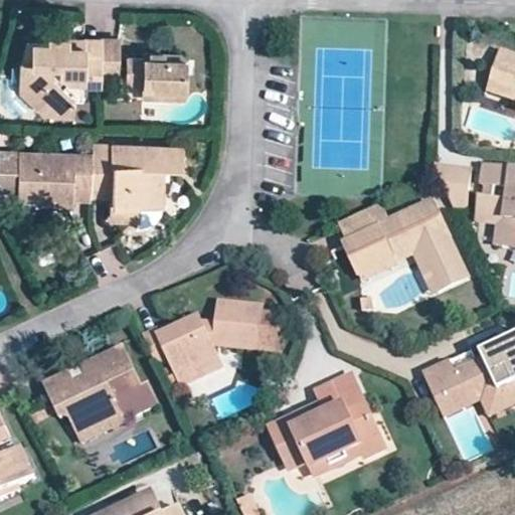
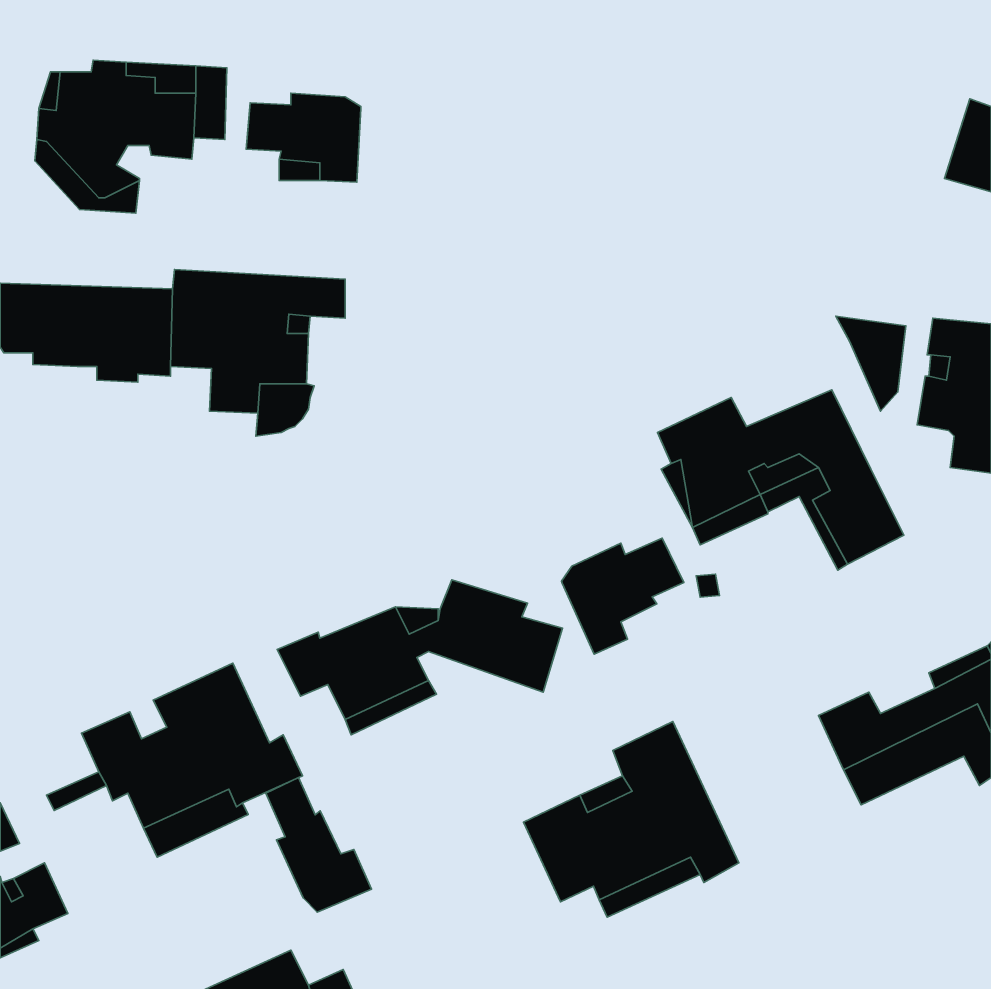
building: none -> [561,538,684,654]
building: none -> [266,777,371,912]

